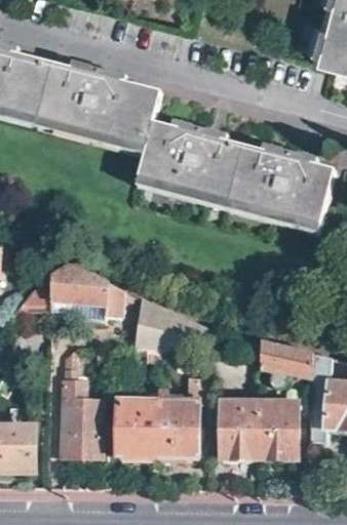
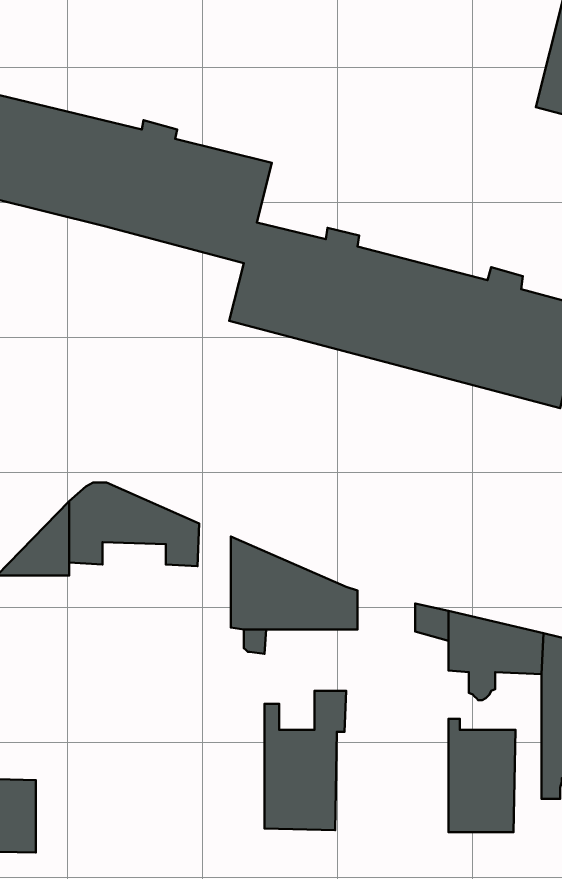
building: [61,349,100,457] -> none
building: [116,397,157,458] -> none
building: [218,398,259,460] -> none

